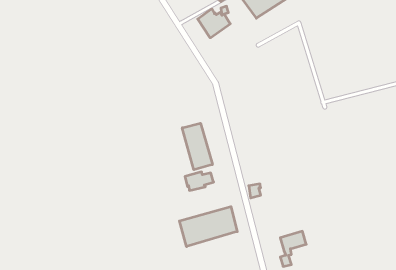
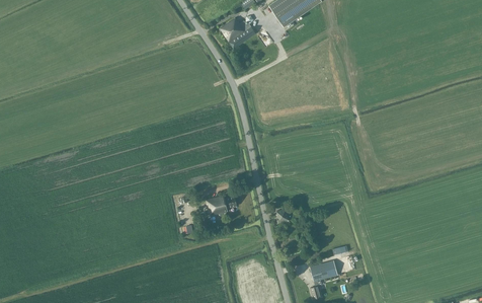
building: [182,123,212,170] -> none
building: [179,207,237,247] -> none

